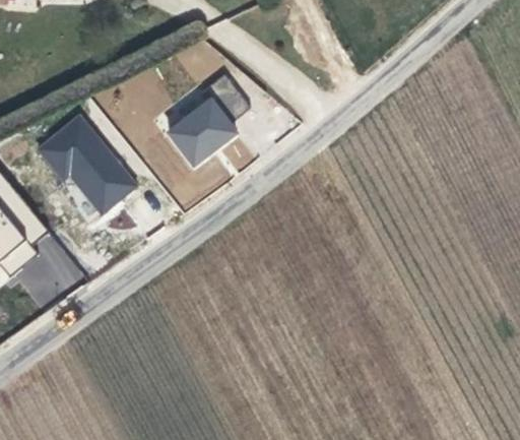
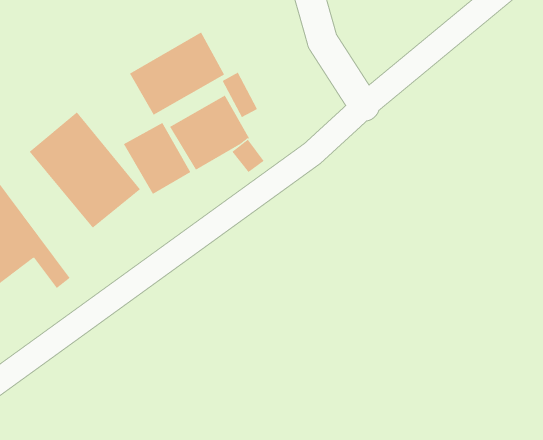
building: none -> [129,31,225,116]
building: none -> [123,122,191,195]

